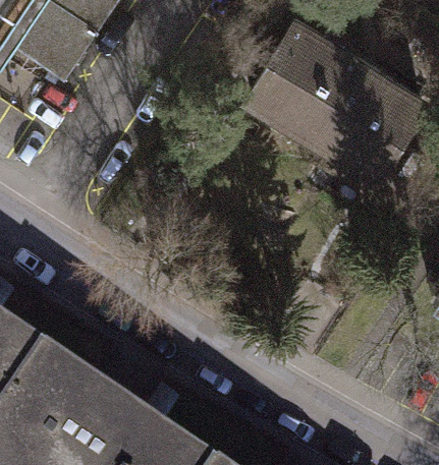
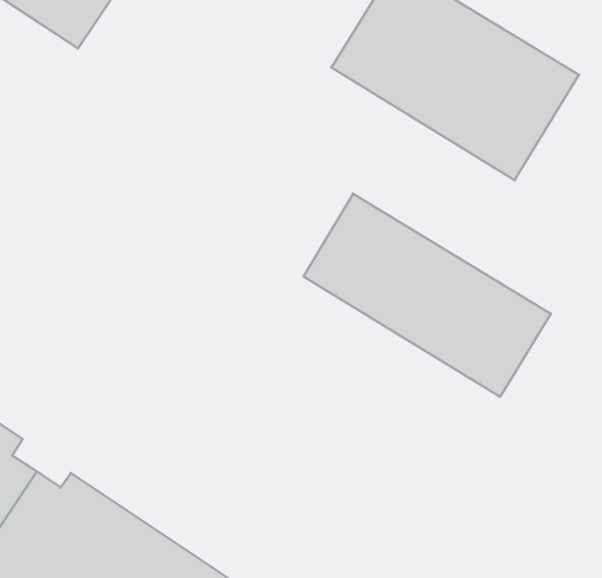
building: none -> [304,194,551,397]

